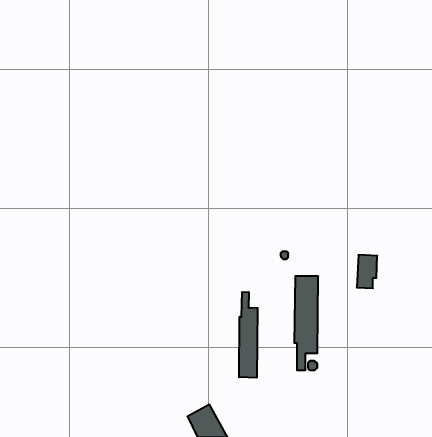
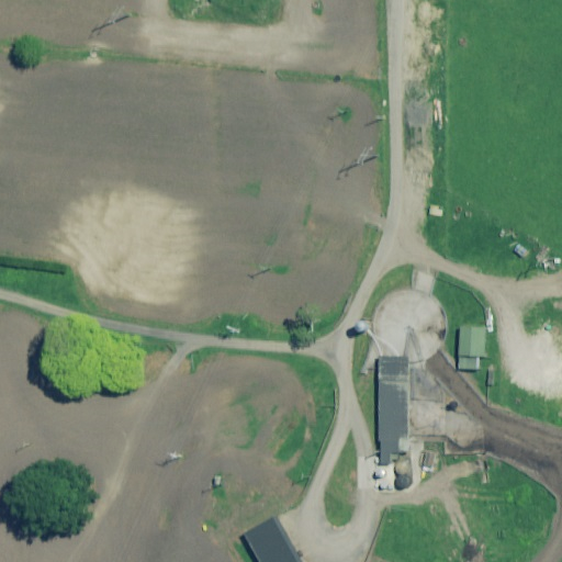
building: [239,292,258,378] -> none

